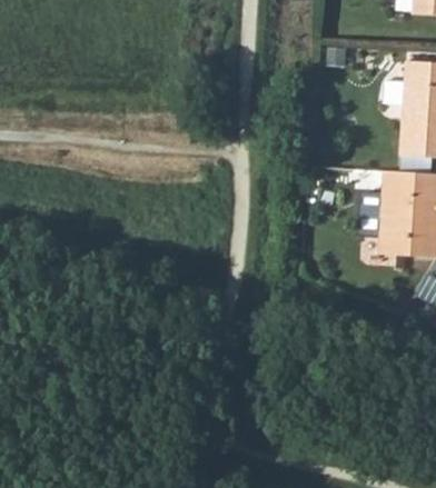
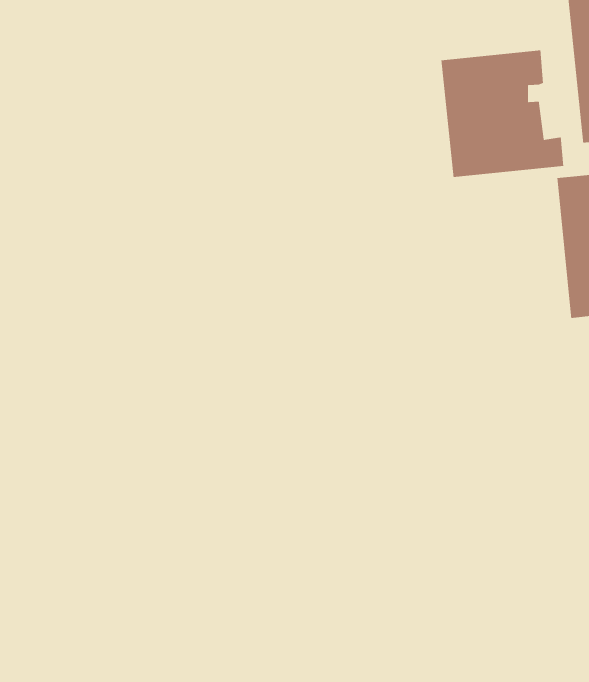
building: none -> [440,49,564,178]

